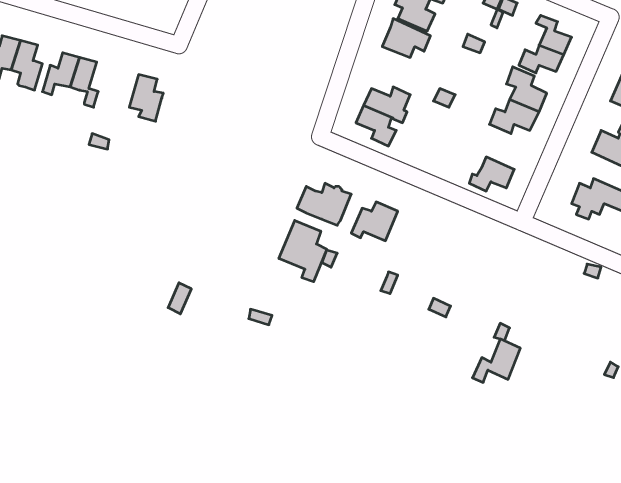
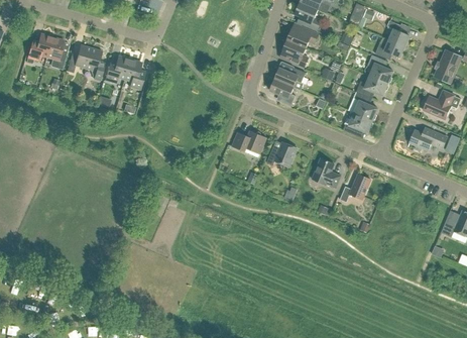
building: none -> [279,40,308,67]
building: none -> [104,55,128,82]
building: none -> [353,91,377,120]
building: [279,220,327,282] -> none
building: none -> [312,157,341,187]
building: [472,339,520,382] -> [339,174,370,202]

